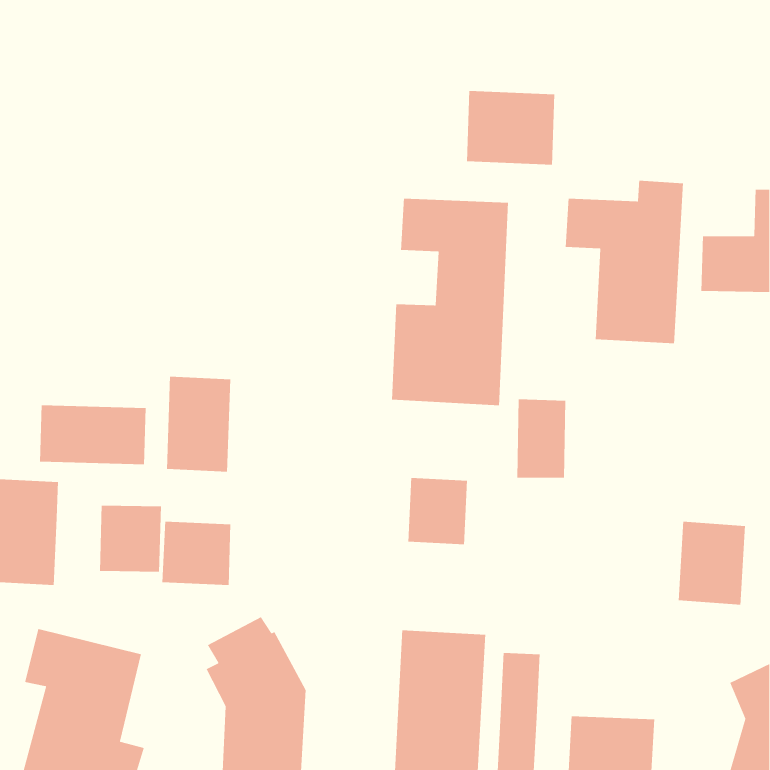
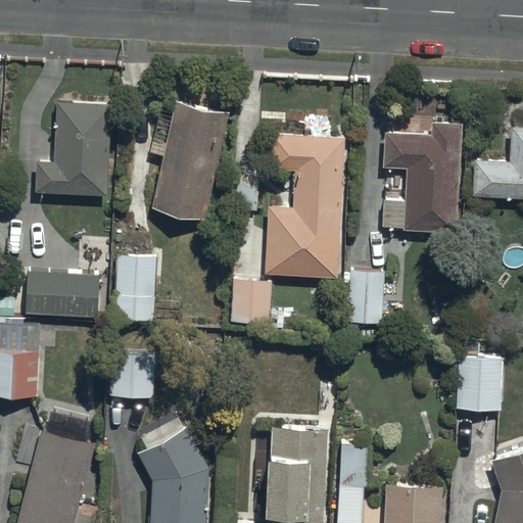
building: [466,90,555,166] -> none
building: none -> [36,102,110,195]
building: none -> [149,102,231,222]
building: [408,477,468,545] -> [231,278,272,324]
building: [99,505,162,572] -> none

